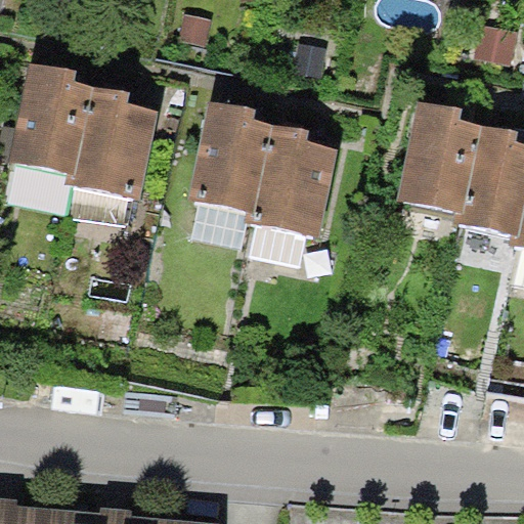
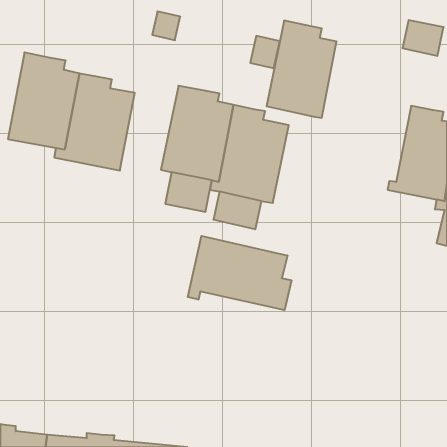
building: [399,99,481,213] -> [267,21,337,118]
building: none -> [188,236,291,310]

